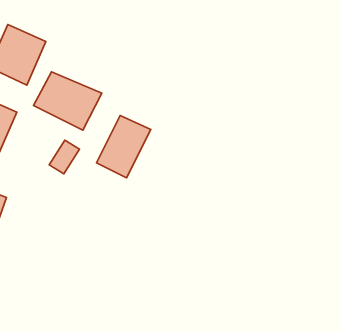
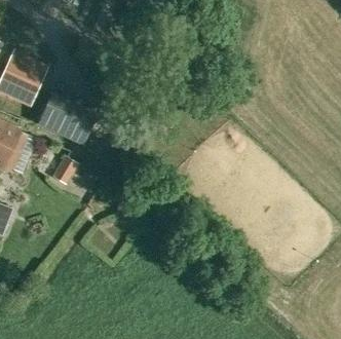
building: [97,115,151,178] -> none

